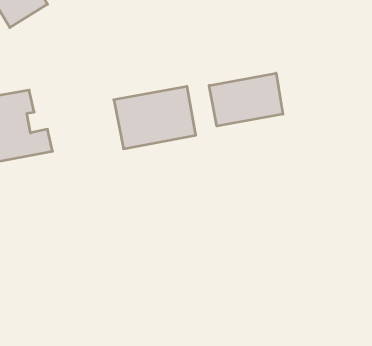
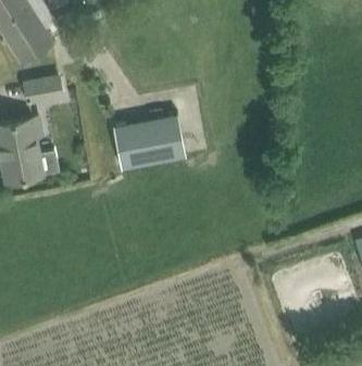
building: none -> [26,78,63,103]
building: [209,73,283,126] -> none

